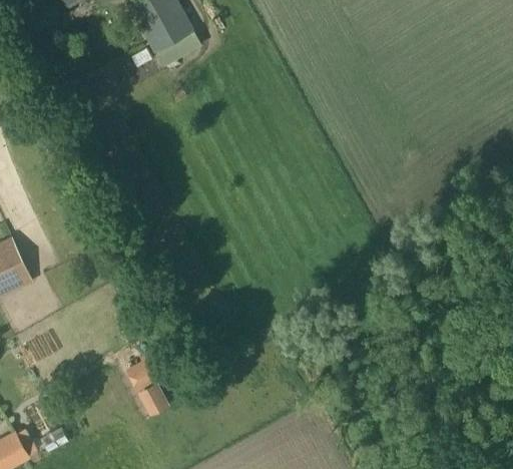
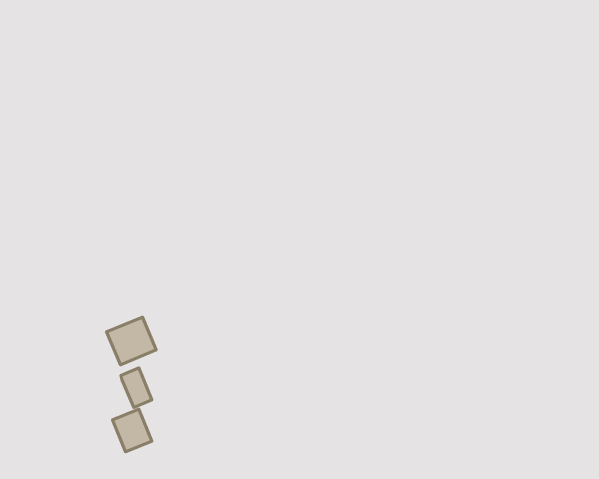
building: none -> [107,317,156,365]

